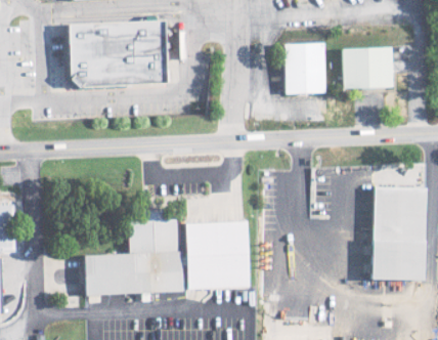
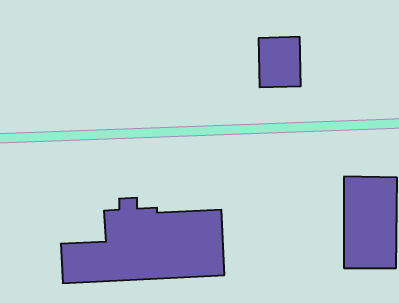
building: [68,22,168,88] -> none
building: [343,48,395,89] -> none

